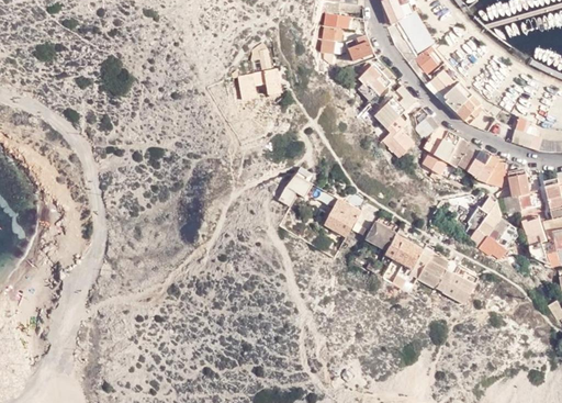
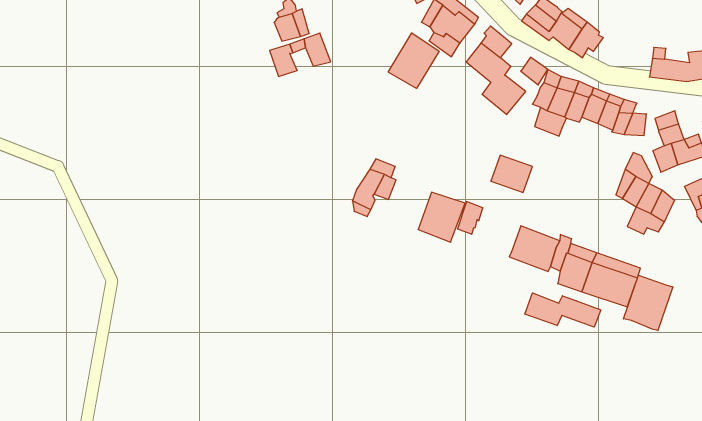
building: none -> [388,33,439,88]
building: [368,223,400,253] -> [491,155,532,192]
building: none -> [624,275,673,331]
building: none -> [525,293,601,327]

